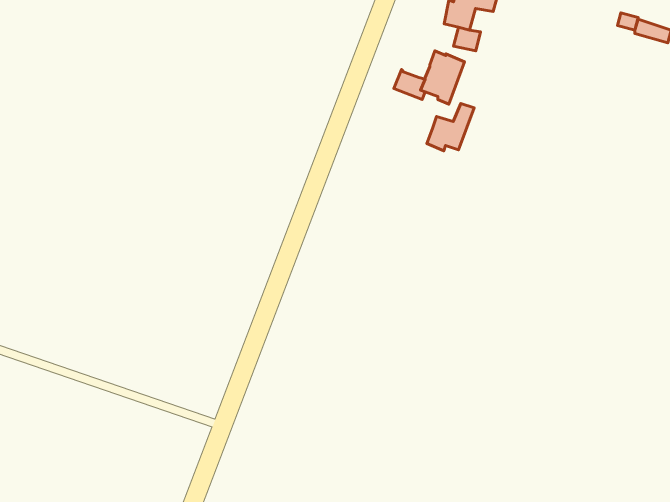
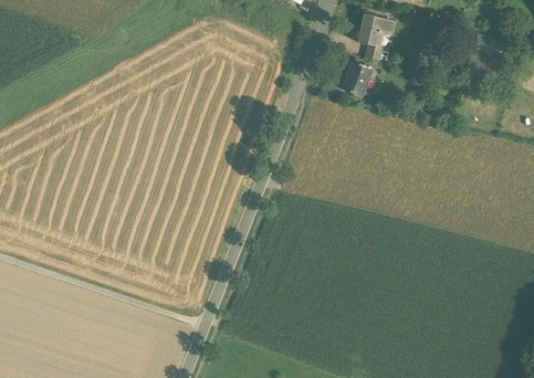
building: [427,104,474,151] -> none

